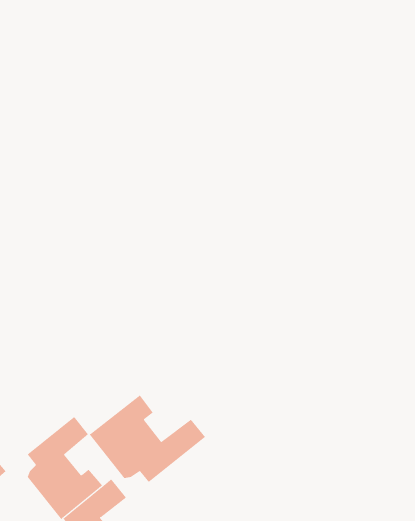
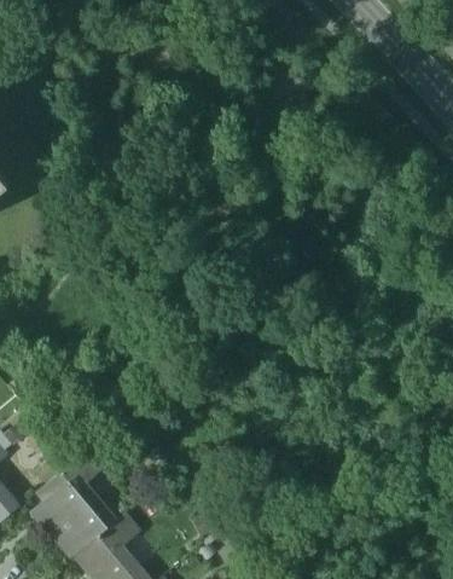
building: [89,395,206,483] -> none

